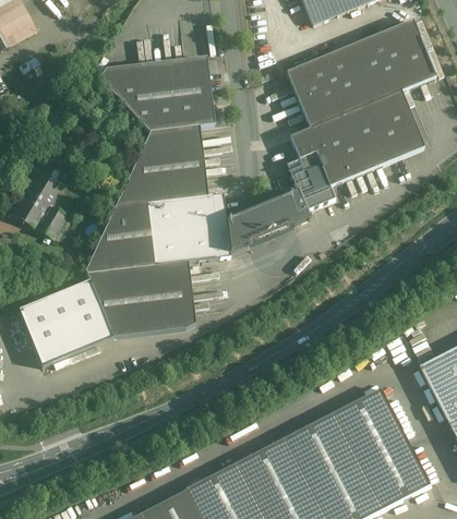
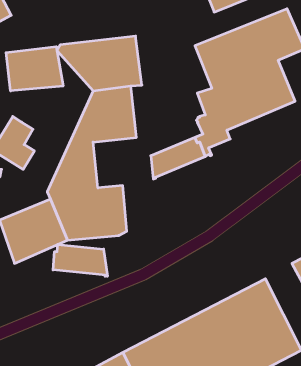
building: none -> [6,47,63,91]
building: [148,193,230,264] -> none
building: none -> [53,244,107,276]

